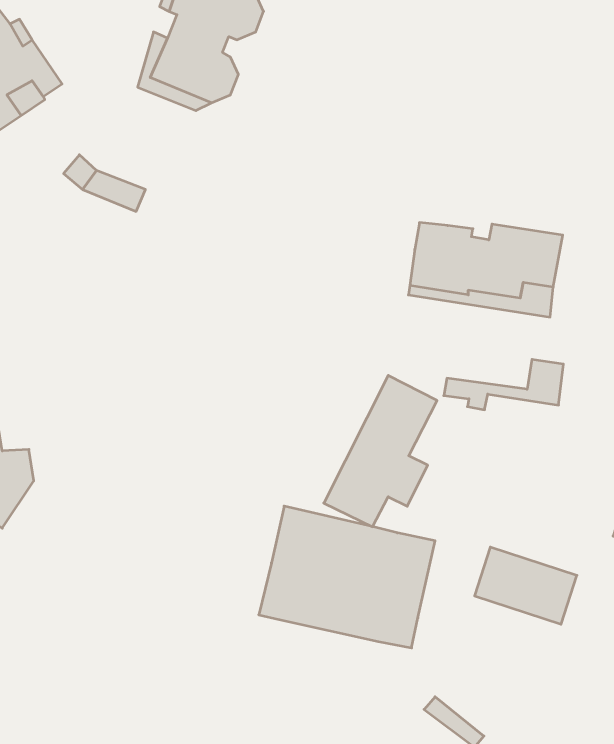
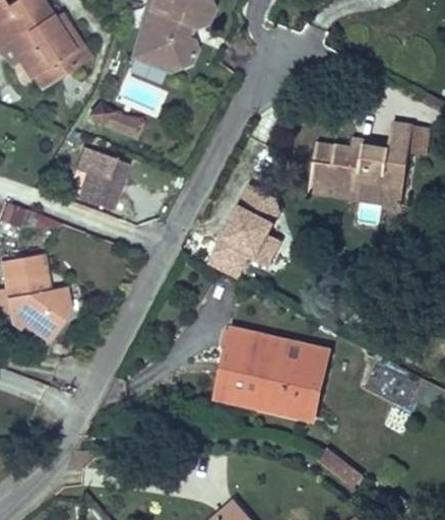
building: none -> [75,146,127,209]
building: [444,359,563,410] -> [336,123,414,155]
building: [324,375,437,527] -> [208,181,281,278]

